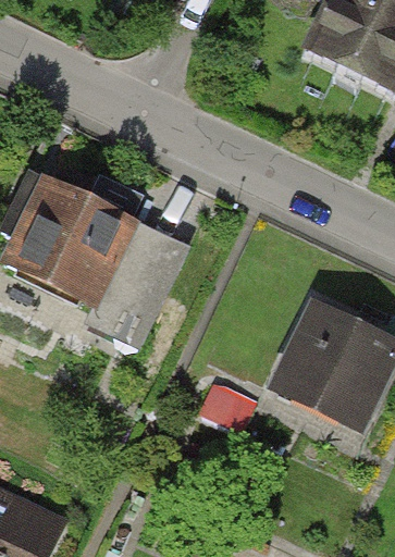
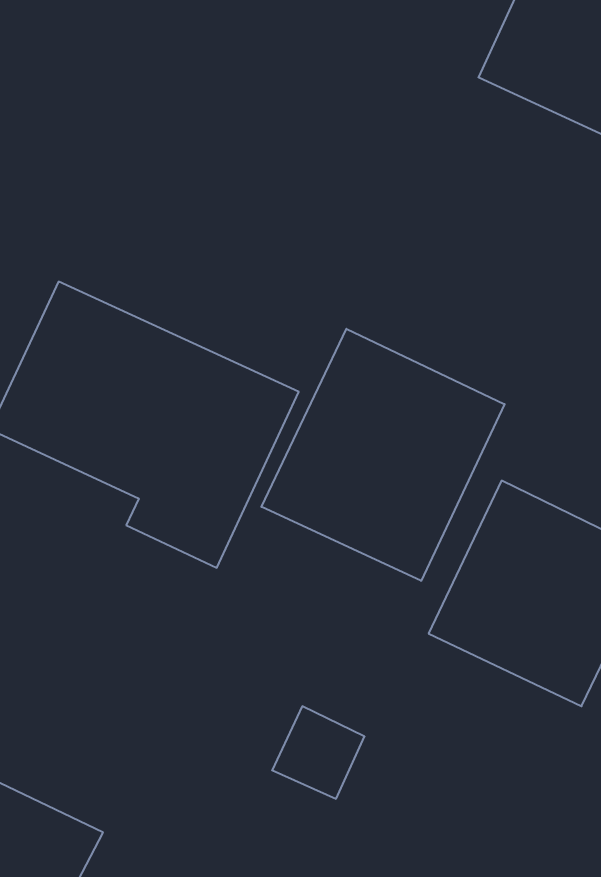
building: none -> [261,329,505,581]

